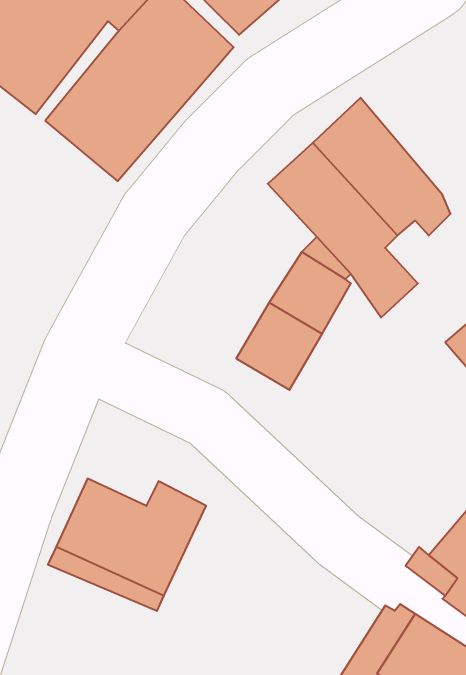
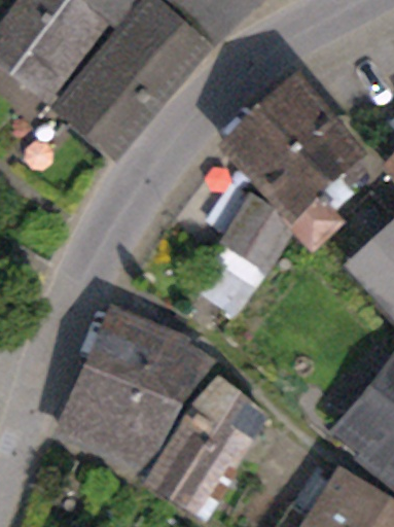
building: none -> [91,316,208,390]
building: none -> [152,382,263,510]

